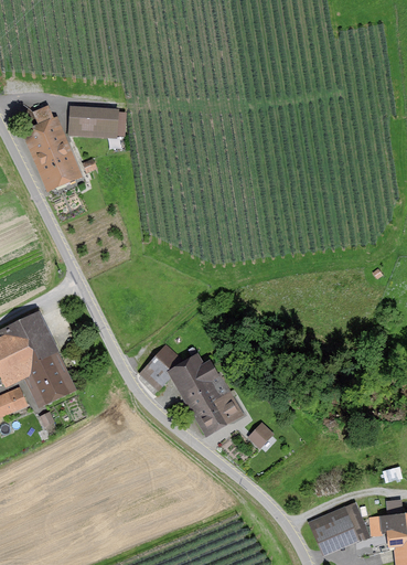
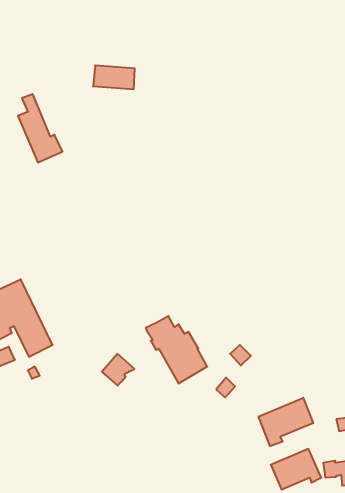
building: [69,109,116,136] -> [93,65,135,89]
building: [147,347,183,382] -> [102,354,134,386]
building: none -> [259,398,313,446]

